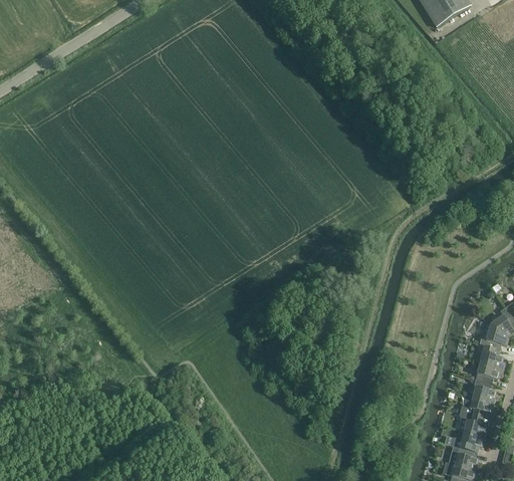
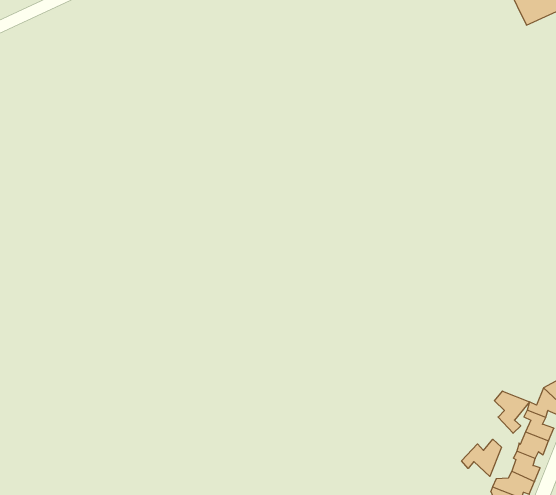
building: none -> [494,391,530,433]
building: none -> [462,439,502,476]

